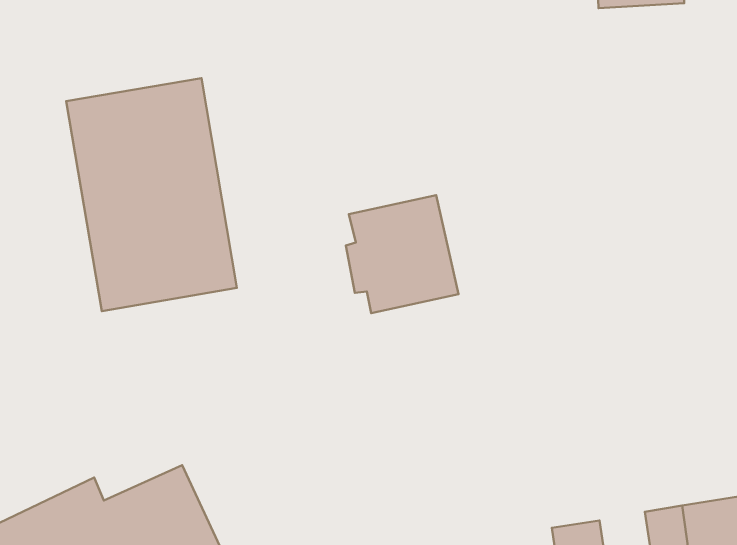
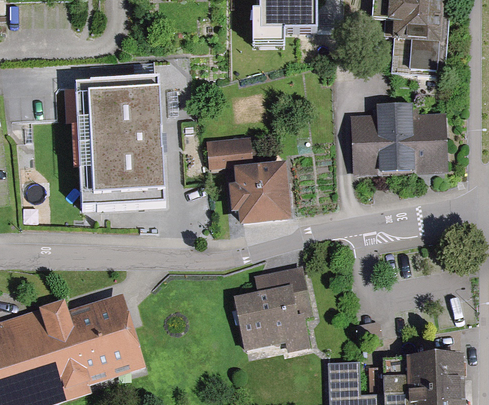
building: none -> [355,113,452,171]
building: none -> [205,133,252,165]
building: none -> [240,268,320,354]

